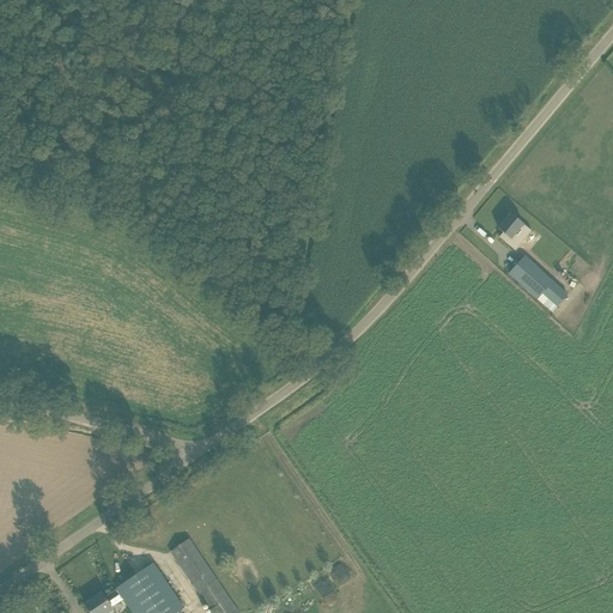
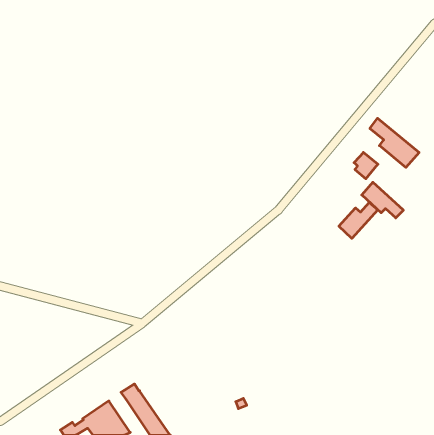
building: none -> [370,118,419,167]
building: none -> [339,203,378,238]

